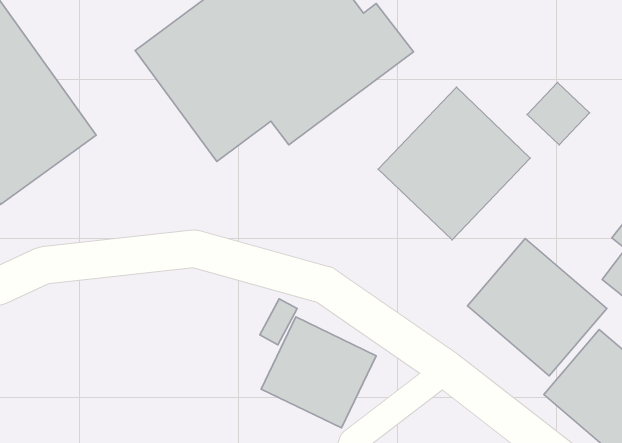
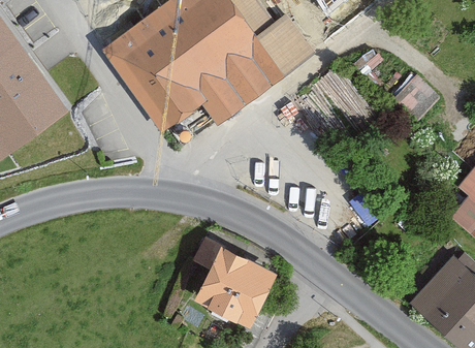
building: [378,87,530,240] -> none
building: [467,239,607,376] -> none

